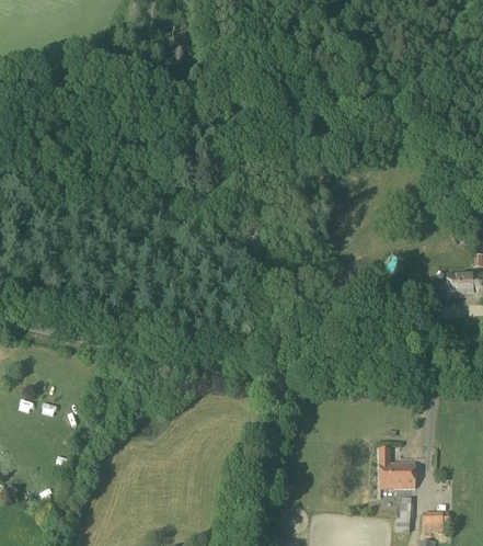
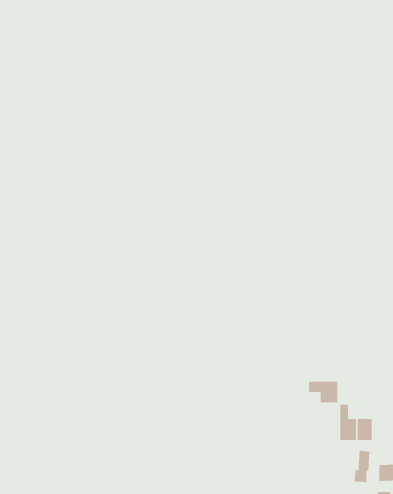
building: none -> [308,381,338,403]

